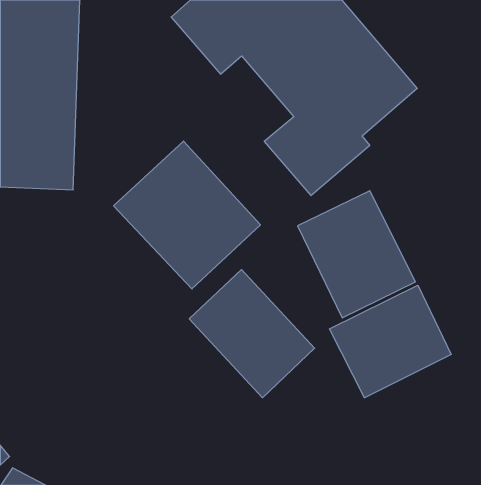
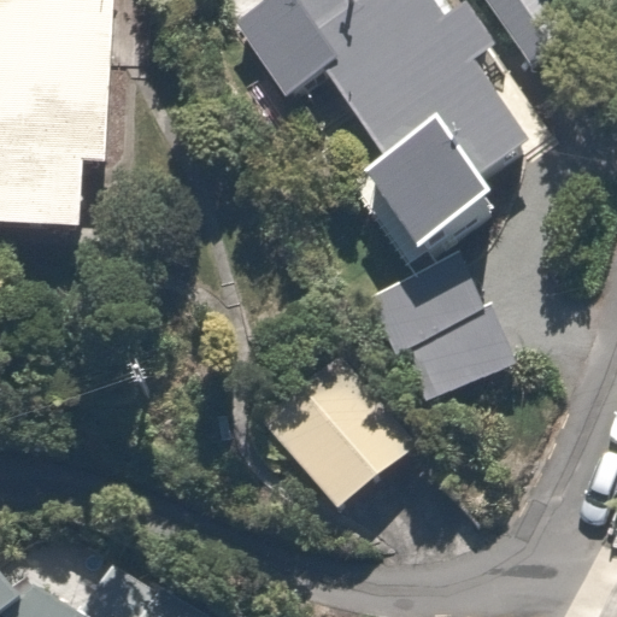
building: [114,141,260,289] -> none
building: [329,285,451,398] -> none

